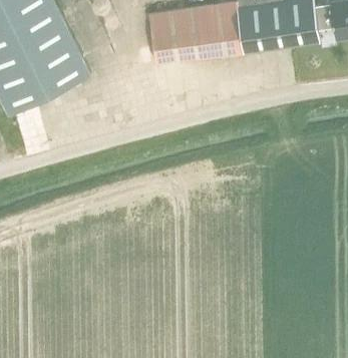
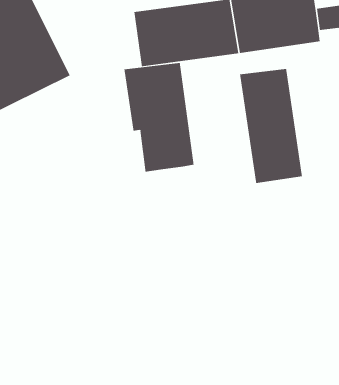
building: none -> [124,62,194,173]
building: none -> [239,68,303,184]

